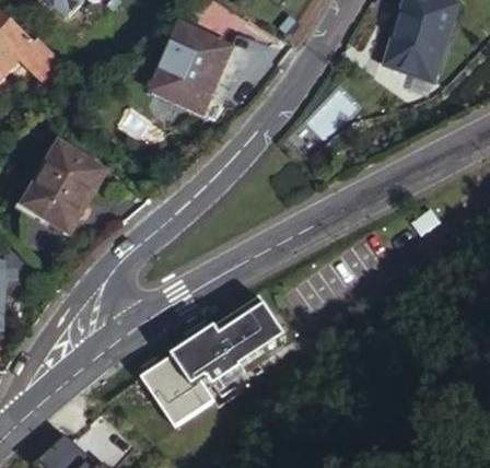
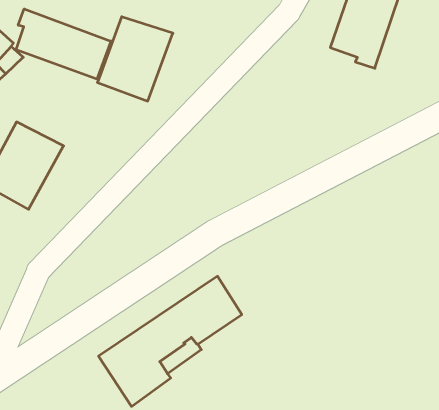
building: none -> [16,9,111,79]

